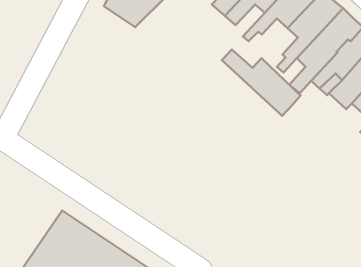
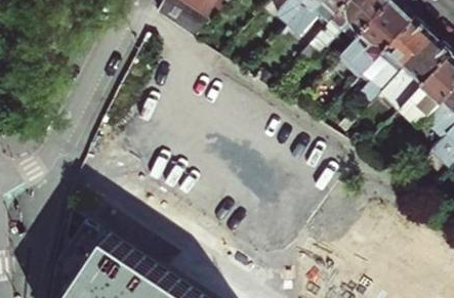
building: [222,49,301,116] -> none

